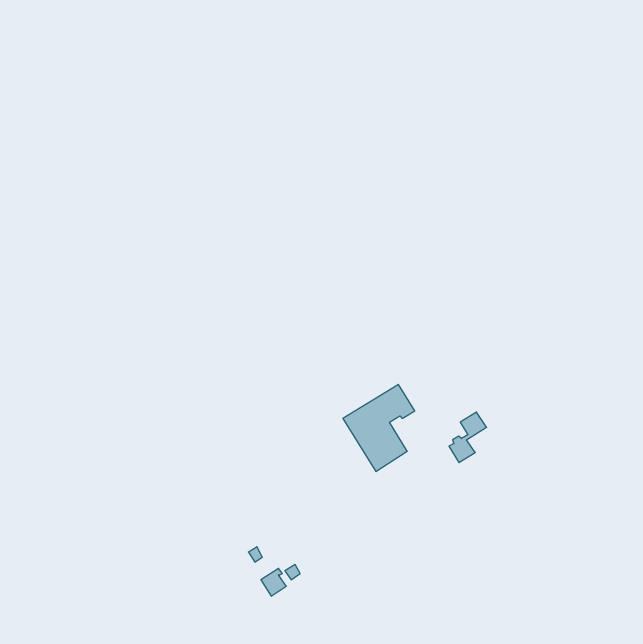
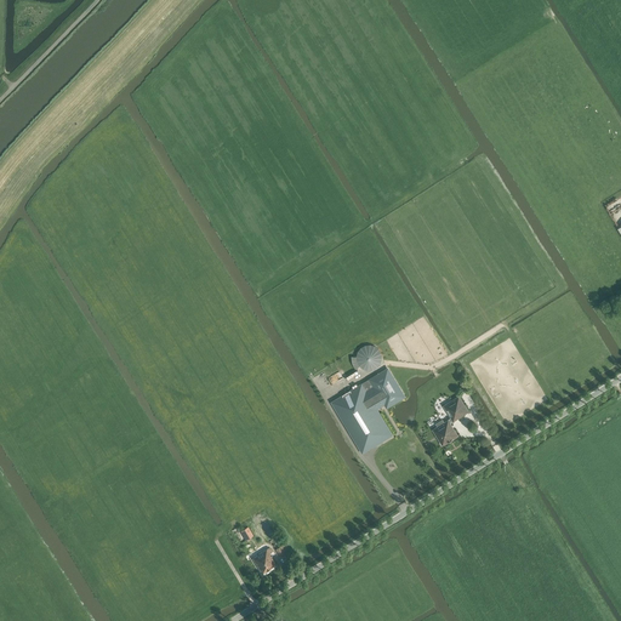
building: none -> [354,343,381,370]

